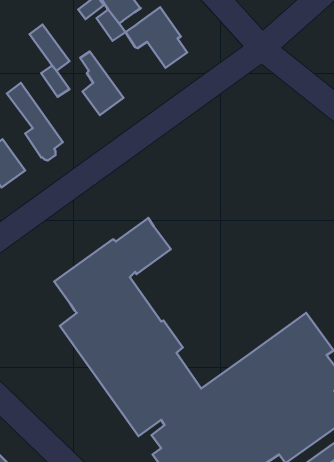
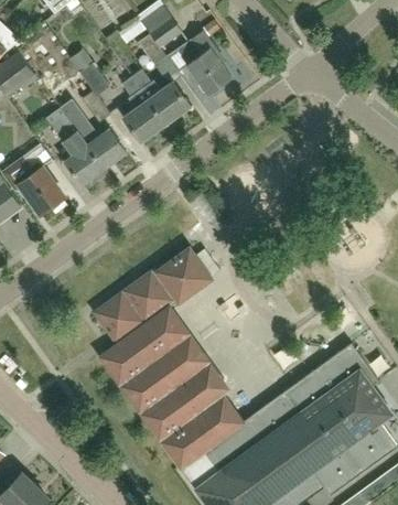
building: none -> [131,71,191,125]
building: none -> [61,103,126,170]

